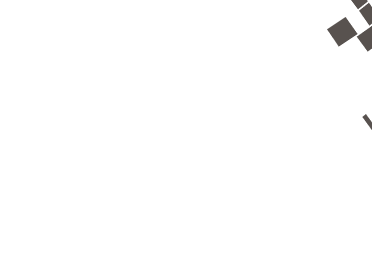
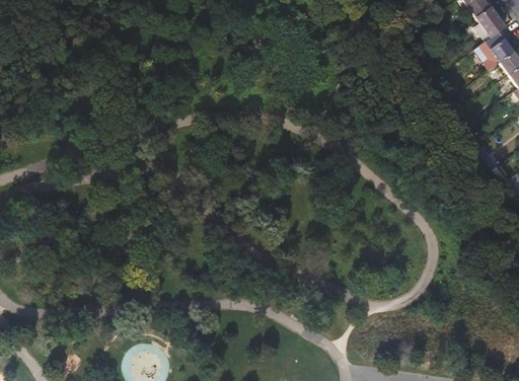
building: [326,16,359,48] -> none

